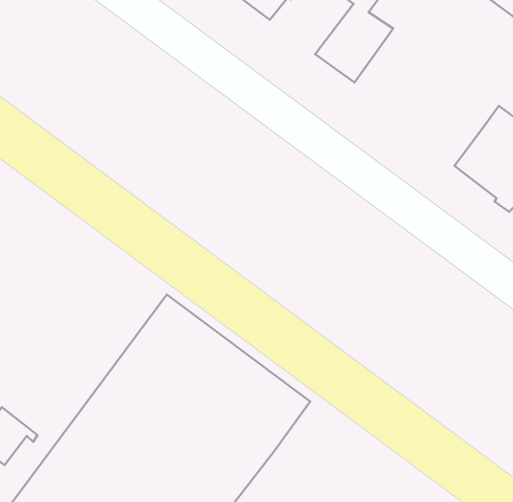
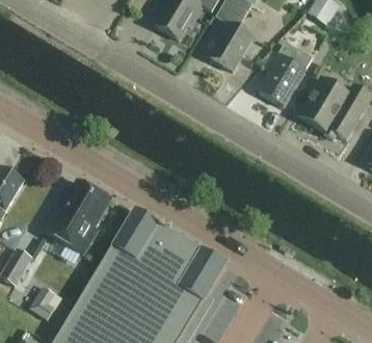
building: none -> [258,42,311,106]
building: none -> [47,181,110,253]

